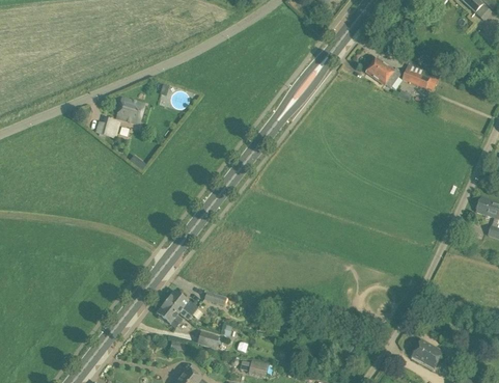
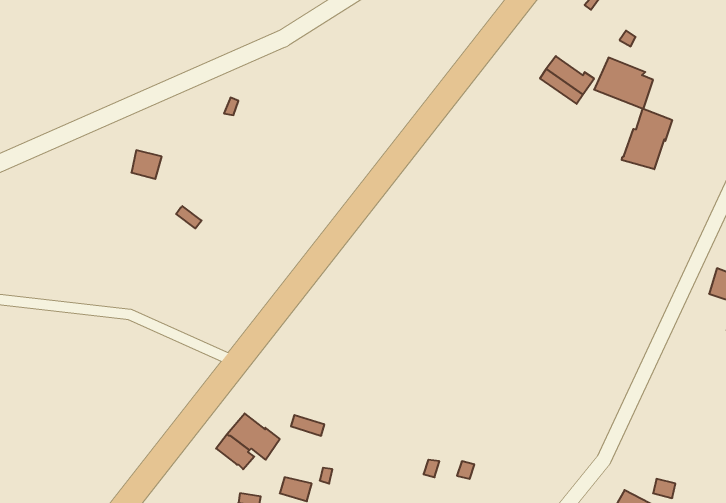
building: none -> [622,108,672,169]
building: [116,97,144,124] -> none

